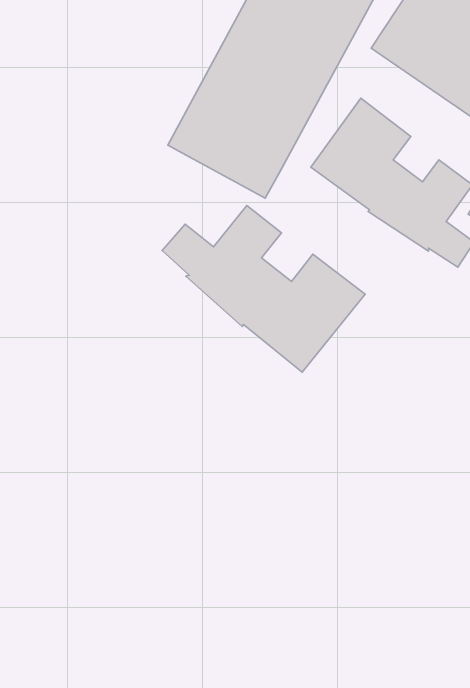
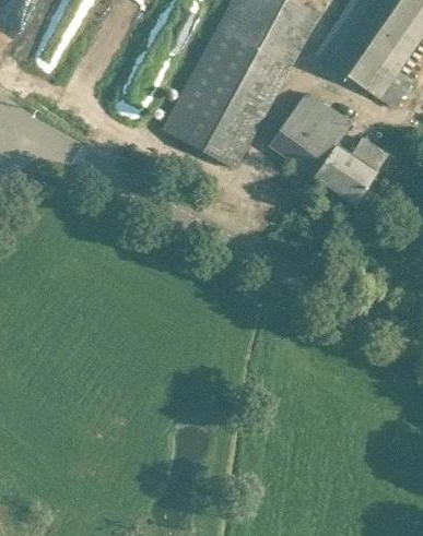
building: [162,205,365,372] -> none

